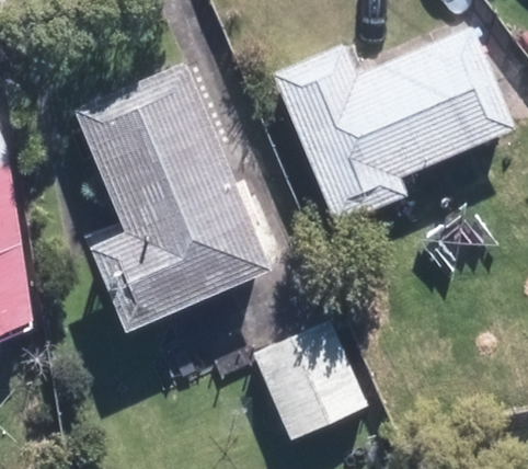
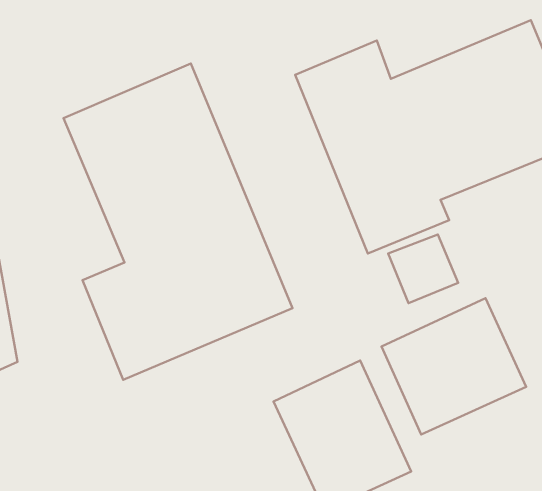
building: none -> [382,298,526,434]

